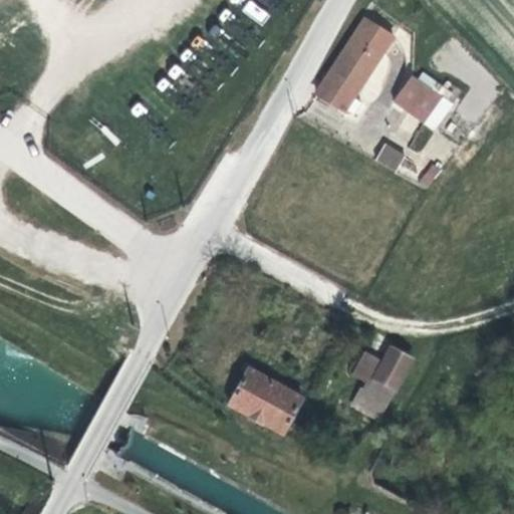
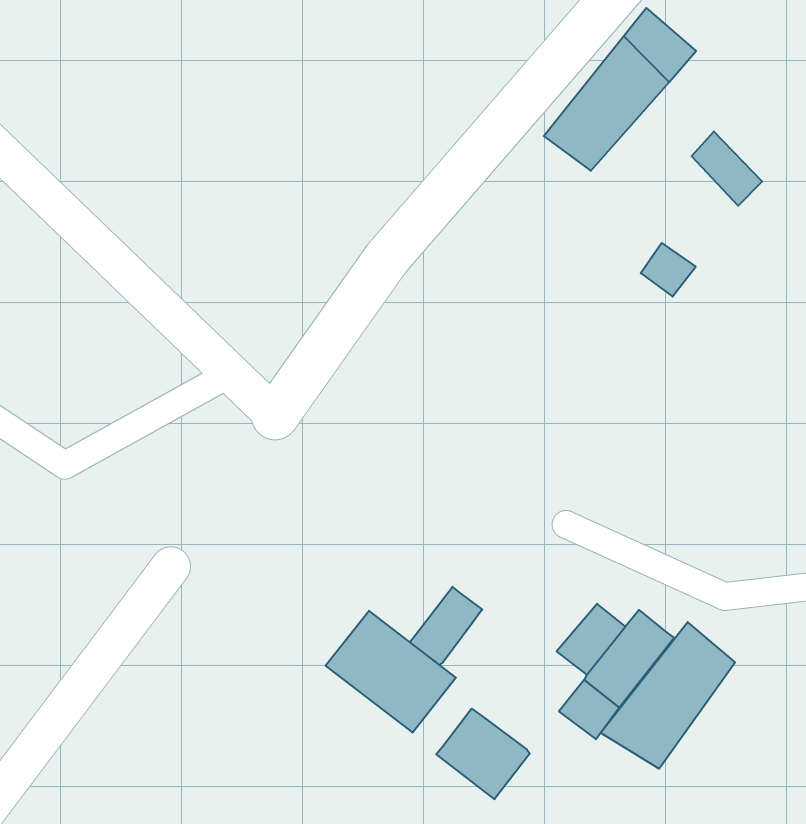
building: none -> [410,587,482,665]
building: none -> [600,622,735,769]
building: none -> [436,709,530,799]

